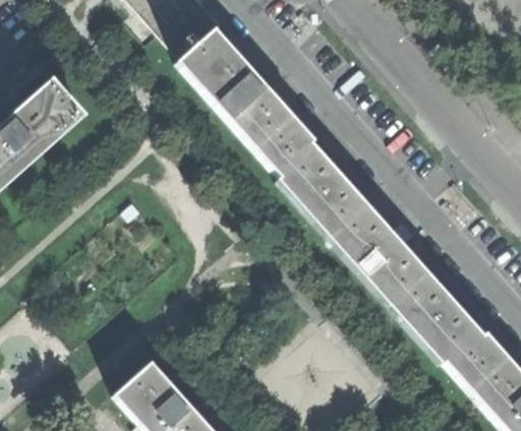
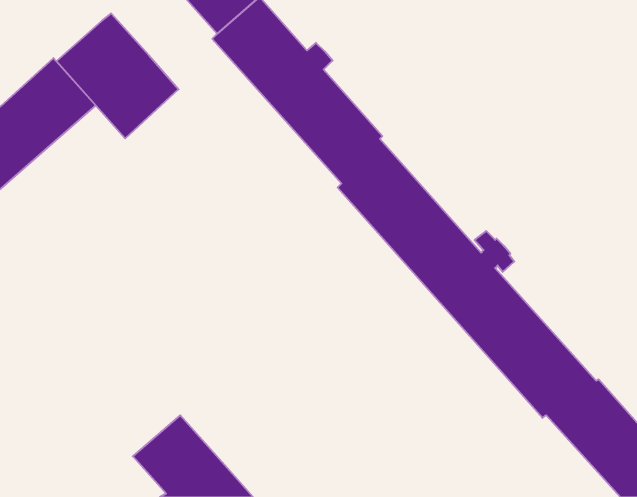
building: none -> [57,13,179,138]

